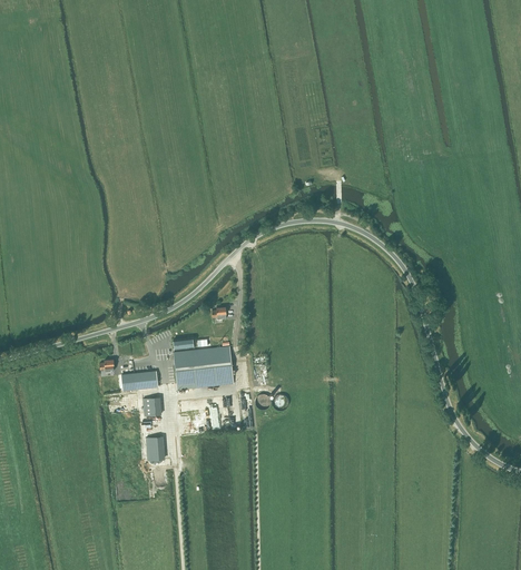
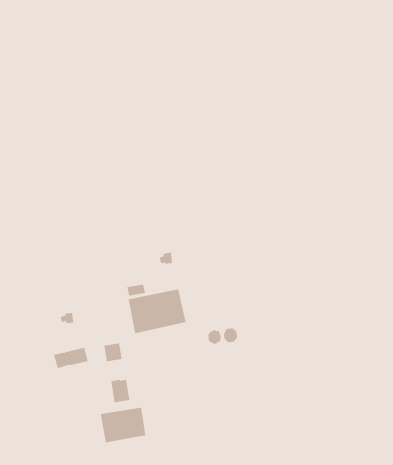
building: [121,371,158,391] -> [53,347,88,369]
building: none -> [100,407,146,443]

